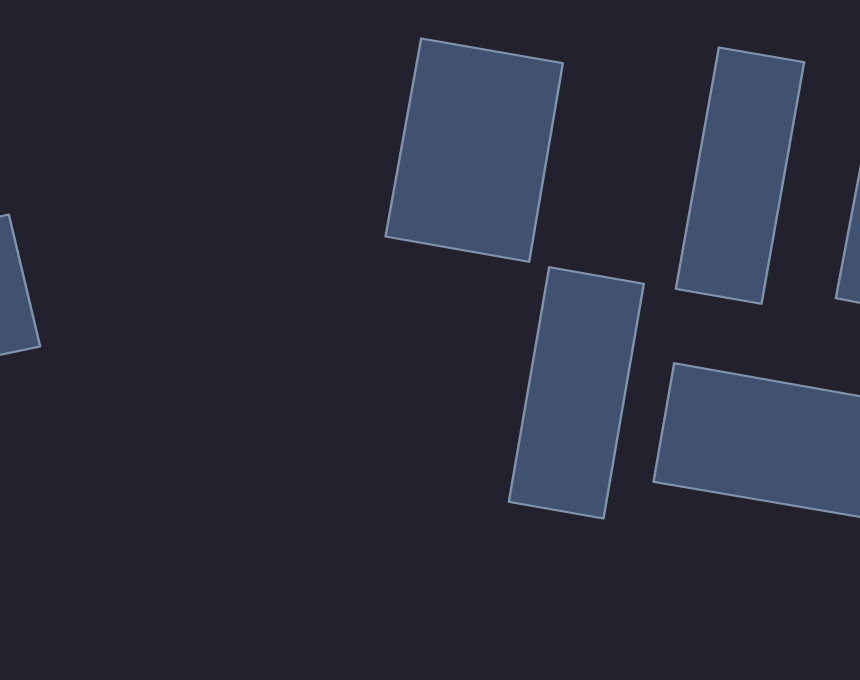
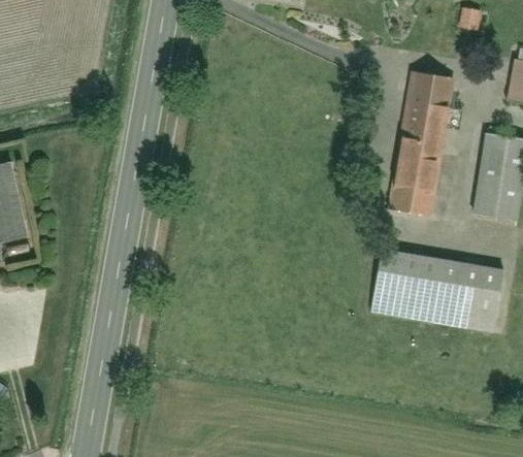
building: [386,39,563,262] -> none
building: [509,267,644,518] -> none

